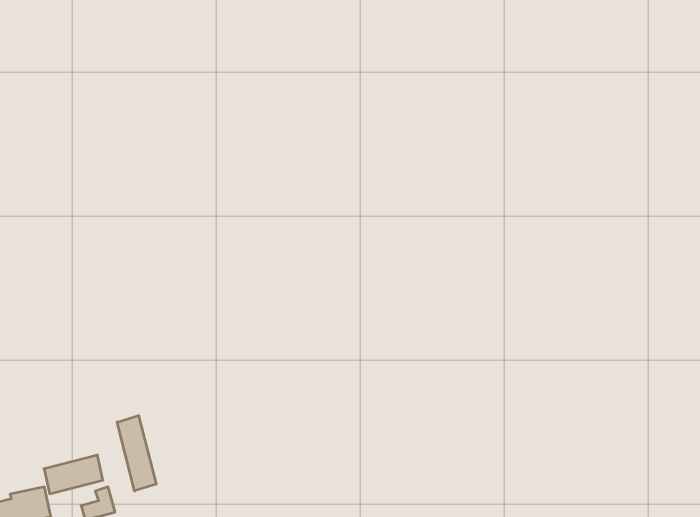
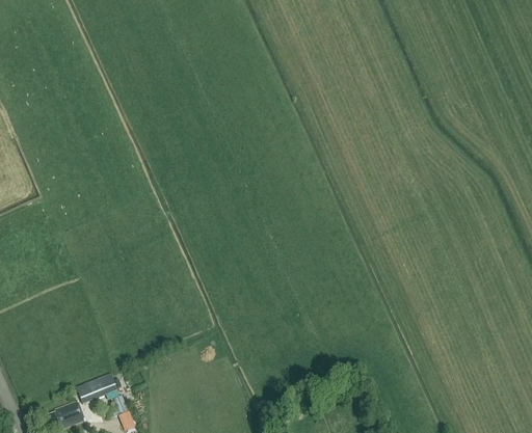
building: [117,416,156,491] -> none

